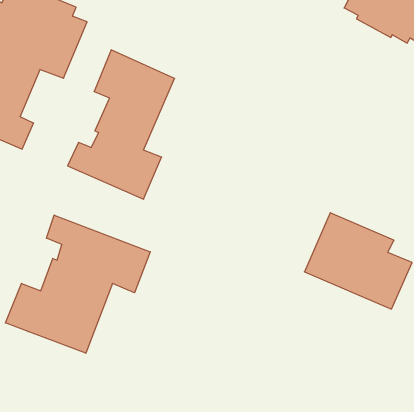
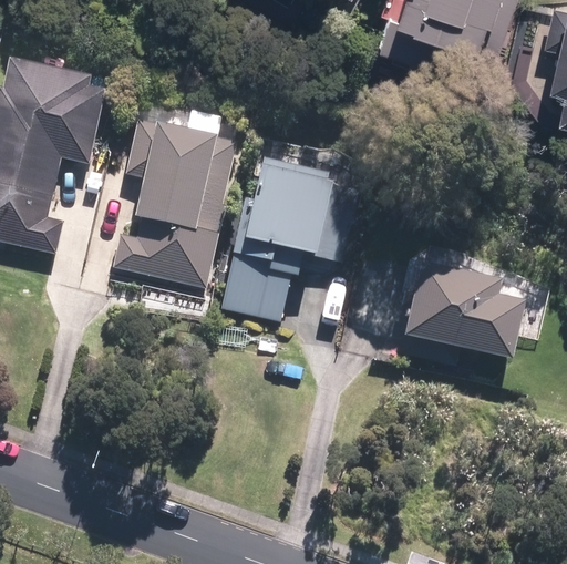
building: none -> [220,168,358,318]
building: [5,215,150,353] -> none

